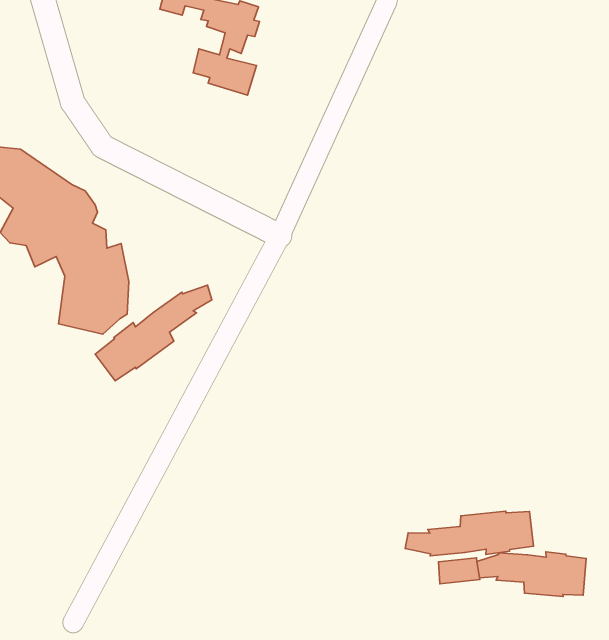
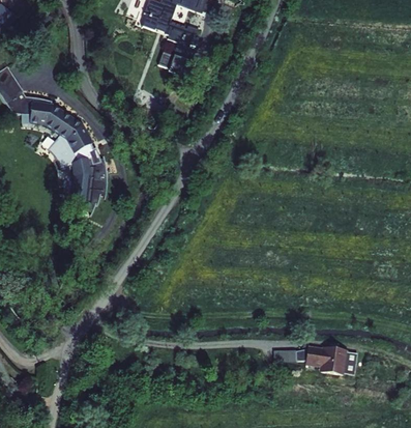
building: [95,285,212,381] -> none
building: [405,511,533,556] -> none

